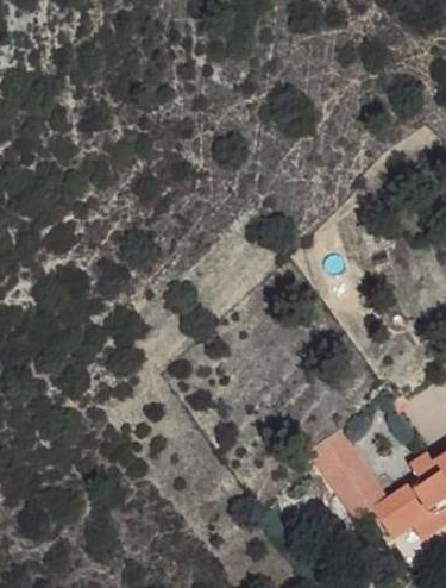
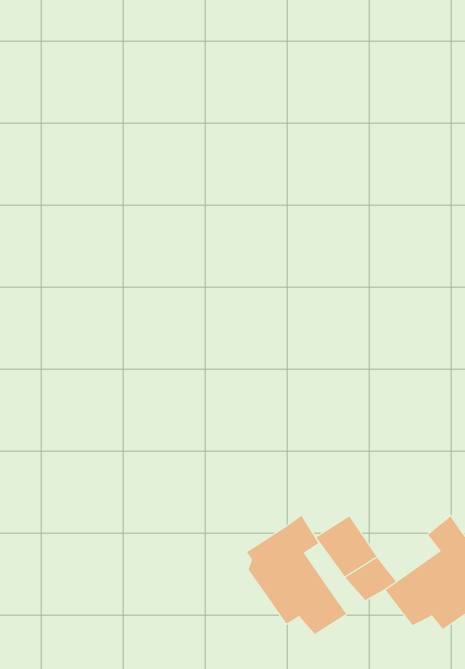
building: none -> [246,515,347,635]

